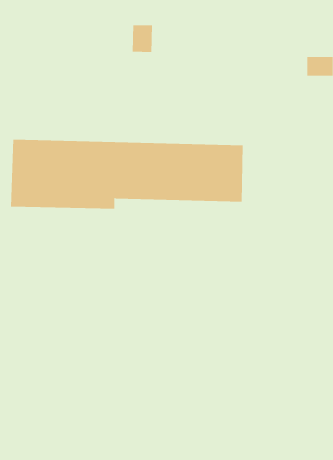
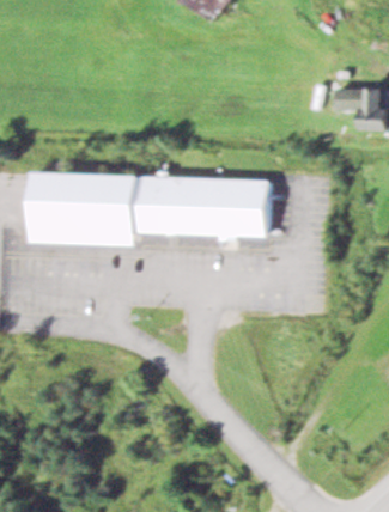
building: [132,24,152,53] -> none

